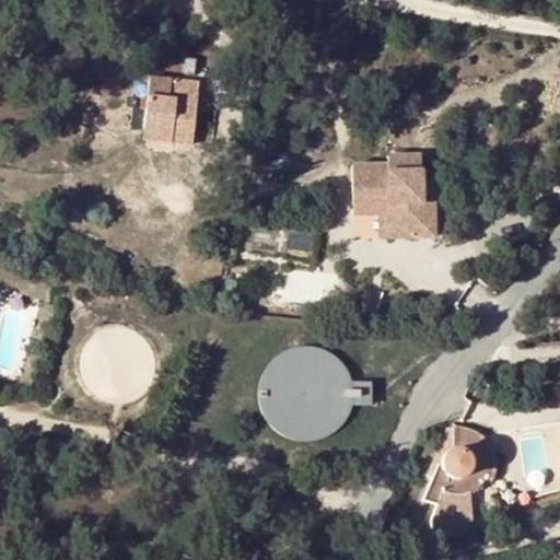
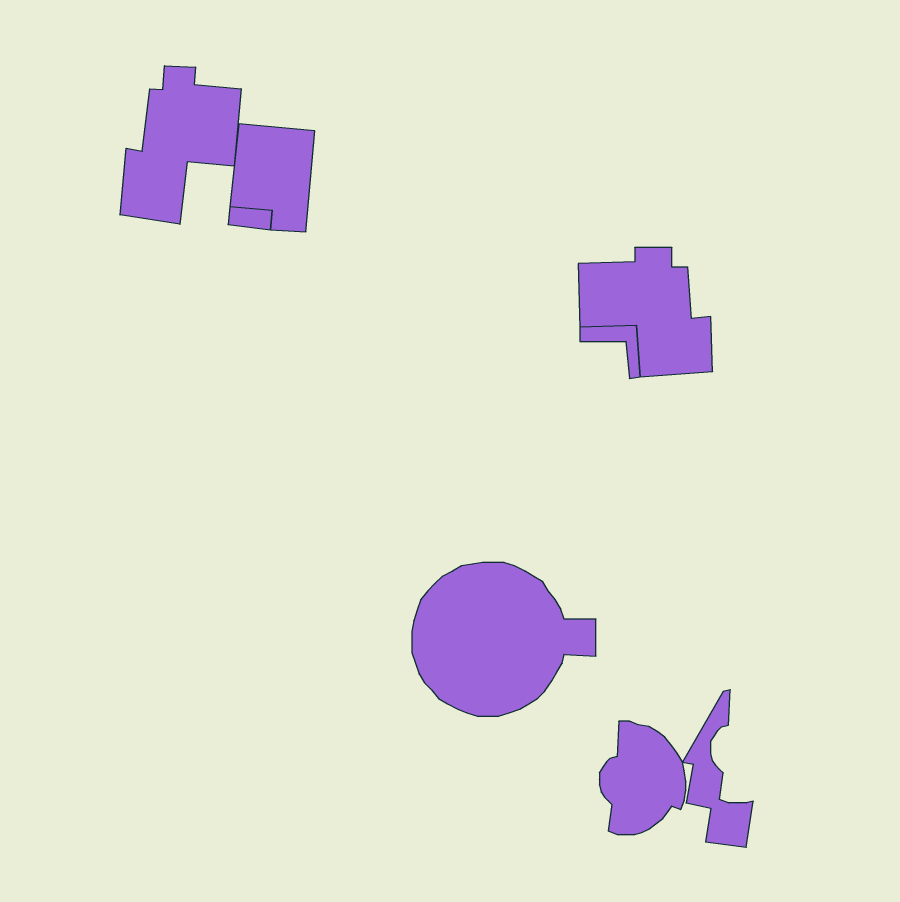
building: none -> [120,66,241,224]
building: [442,427,495,497] -> [599,721,686,834]

